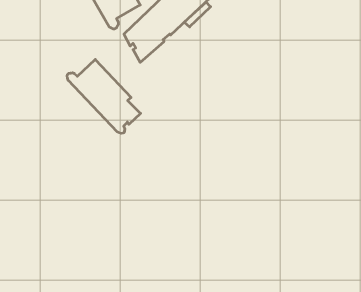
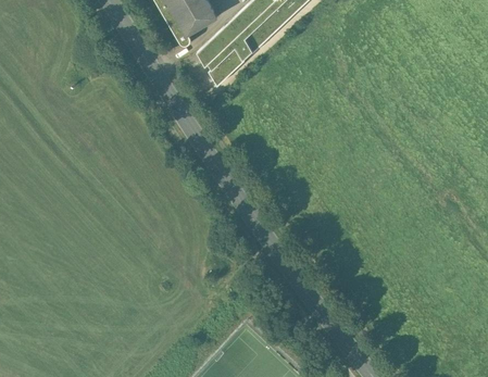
building: [67,59,141,133] -> none

